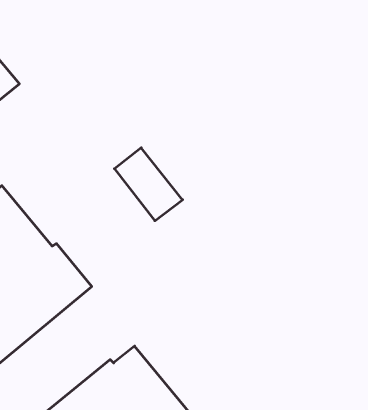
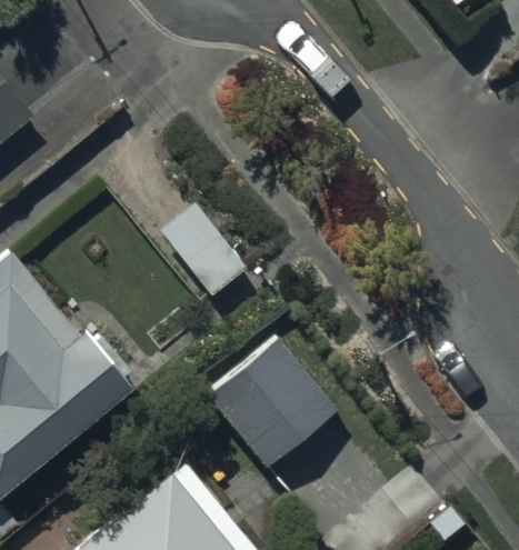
building: none -> [203,337,345,478]

